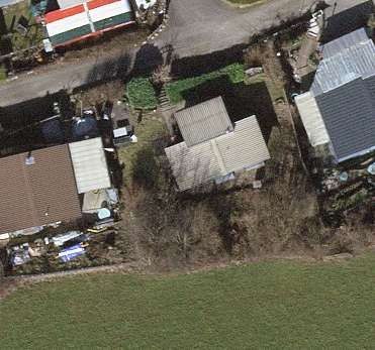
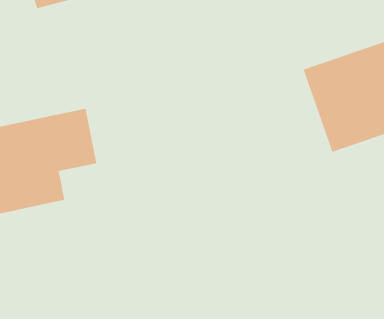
building: [163,94,271,194] -> none

